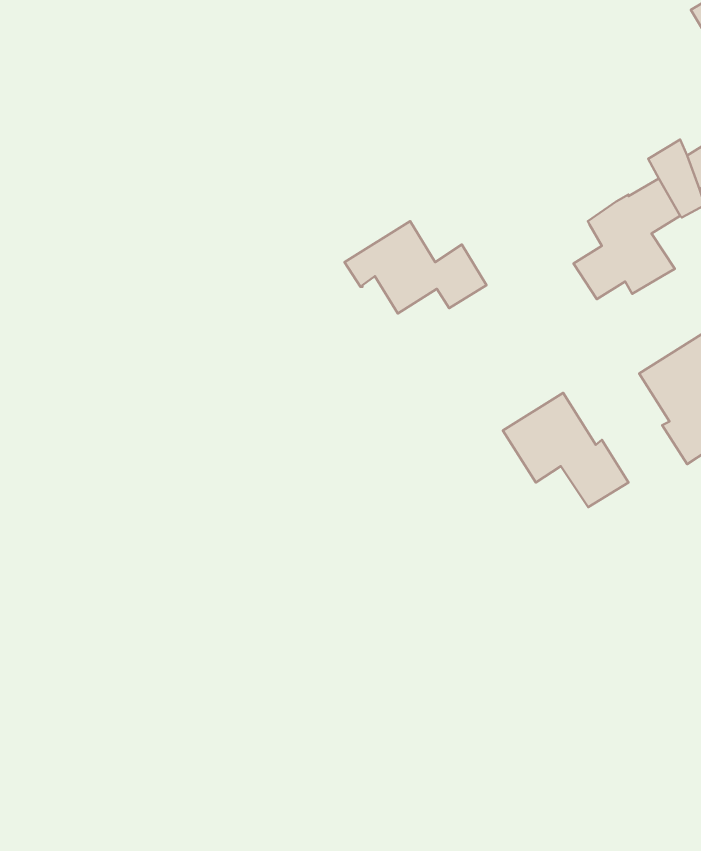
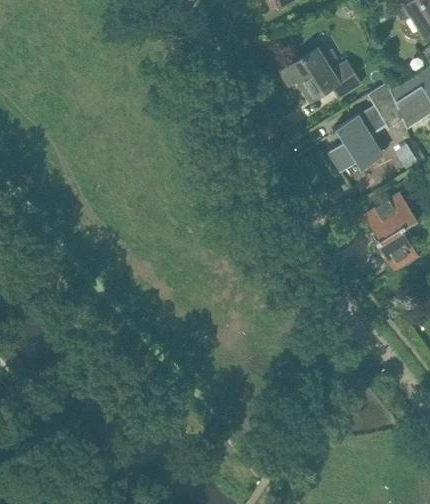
building: [345,221,487,314] -> [281,48,361,100]
building: [503,393,628,507] -> none

